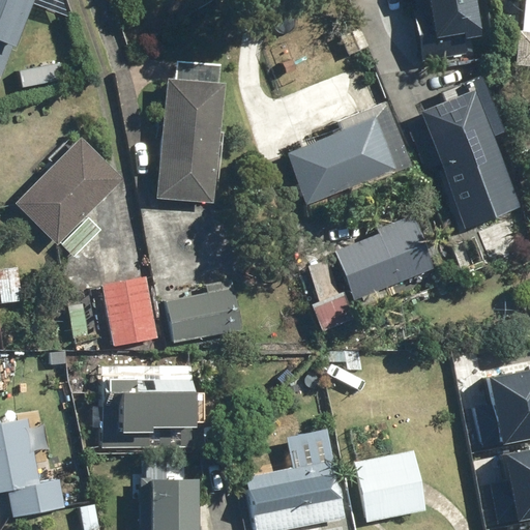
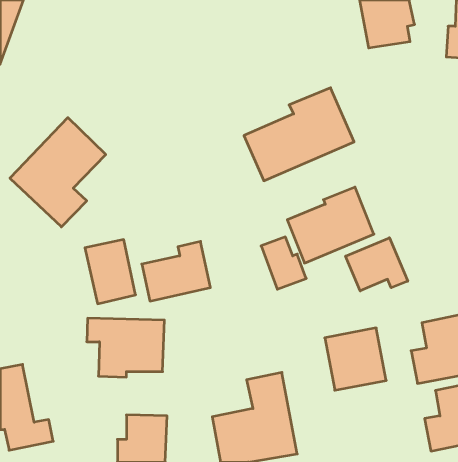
building: [158,77,222,202] -> none
building: [416,90,519,227] -> none
building: none -> [346,238,408,291]
building: [356,451,426,523] -> [325,328,386,390]

